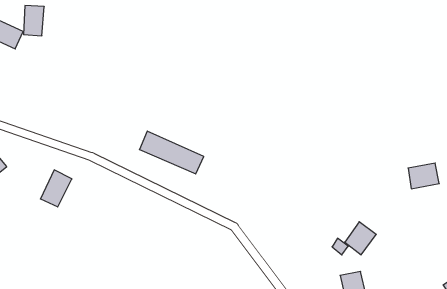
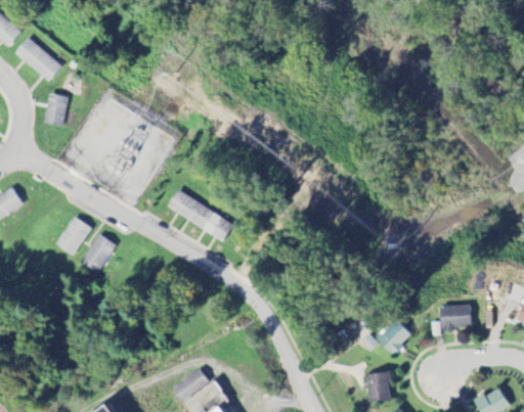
building: [24,6,44,36] -> [46,92,73,127]
building: [408,163,439,189] -> [438,305,469,328]
building: none -> [81,233,118,273]

